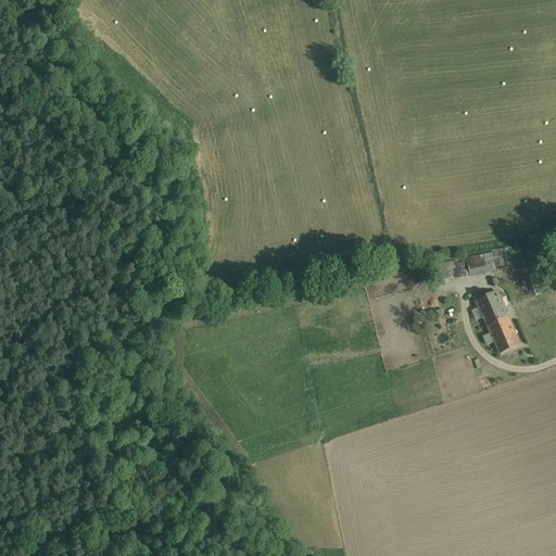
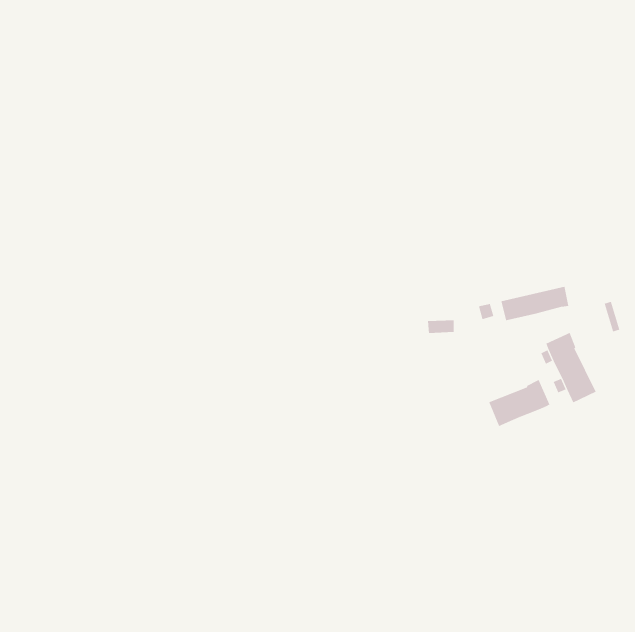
building: none -> [489,379,550,427]

